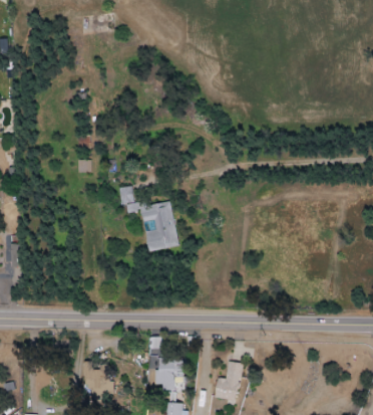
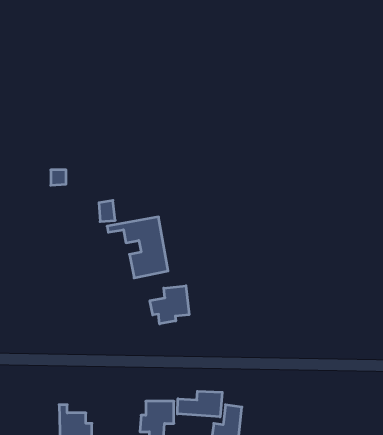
building: none -> [150,286,189,324]
building: none -> [177,391,222,417]

